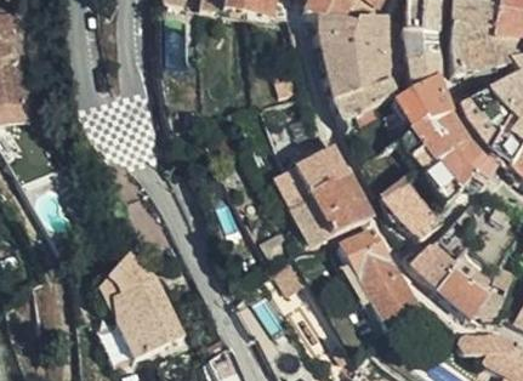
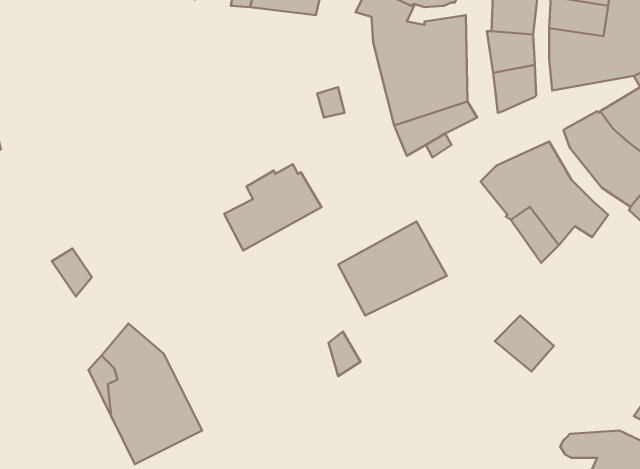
building: [393,80,451,132] -> none
building: [275,142,349,207] -> [224,164,322,250]
building: [380,181,438,239] -> none
building: [339,228,420,332] -> none
building: [436,254,489,320] -> none

